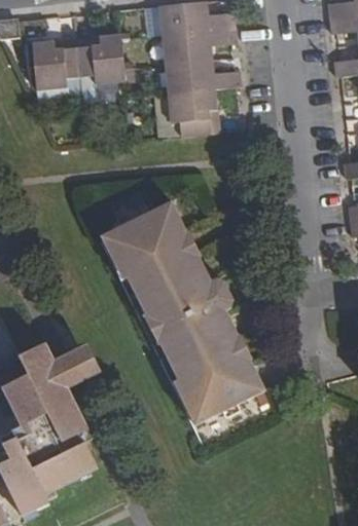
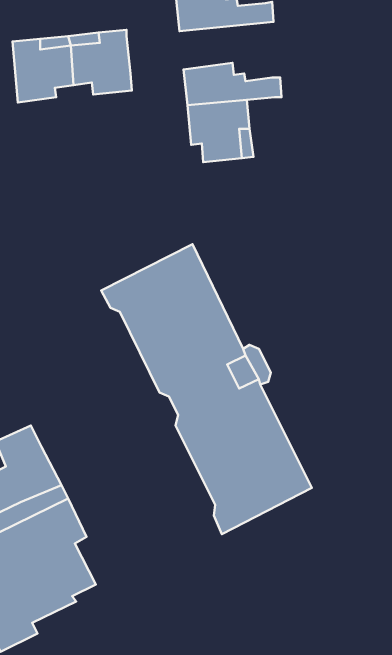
building: [162,28,237,65] -> none
building: [55,342,101,387] -> none

